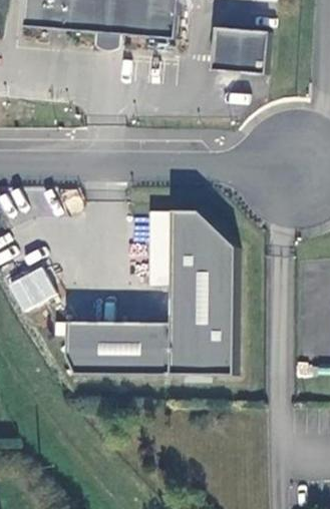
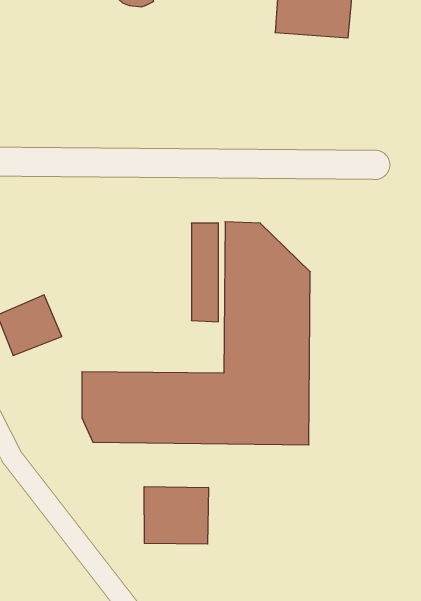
building: none -> [144,487,208,544]

